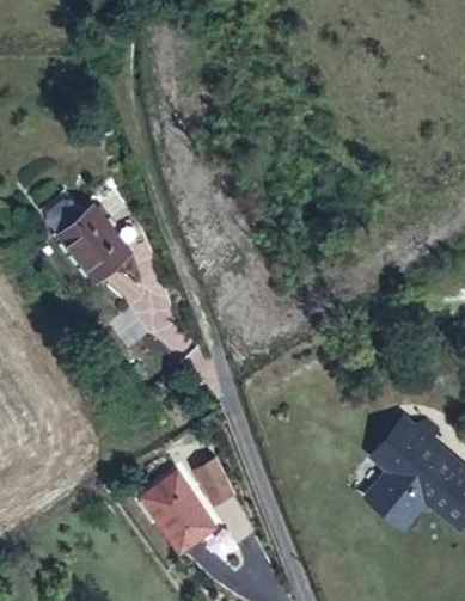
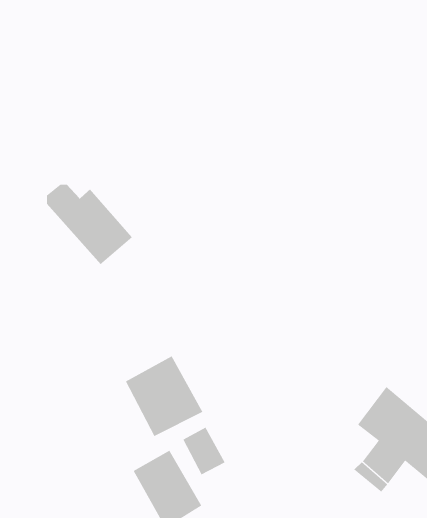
building: none -> [125,356,203,437]

